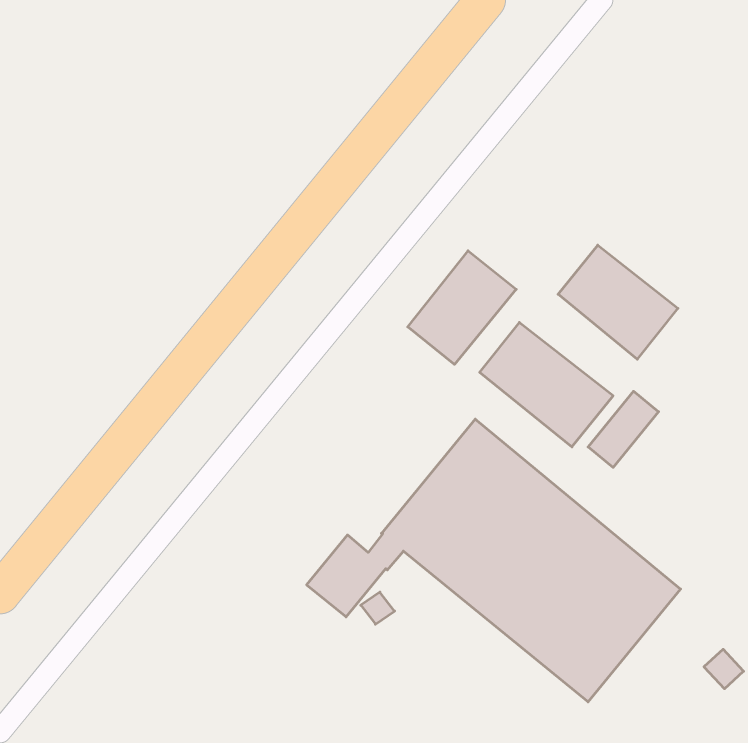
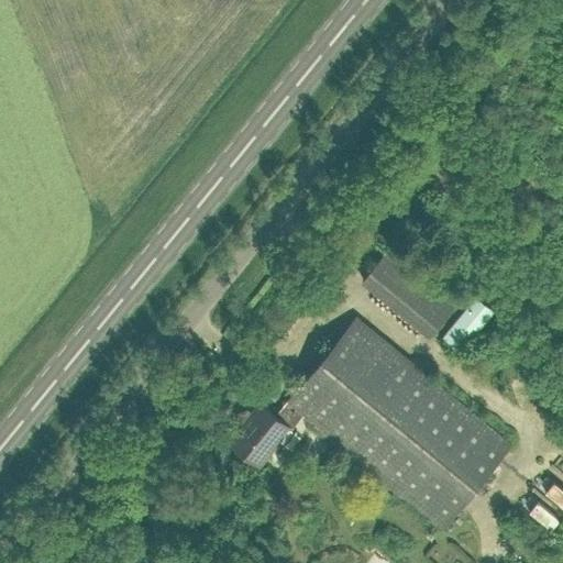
building: [558,245,678,359] -> none
building: [408,251,516,364] -> none

